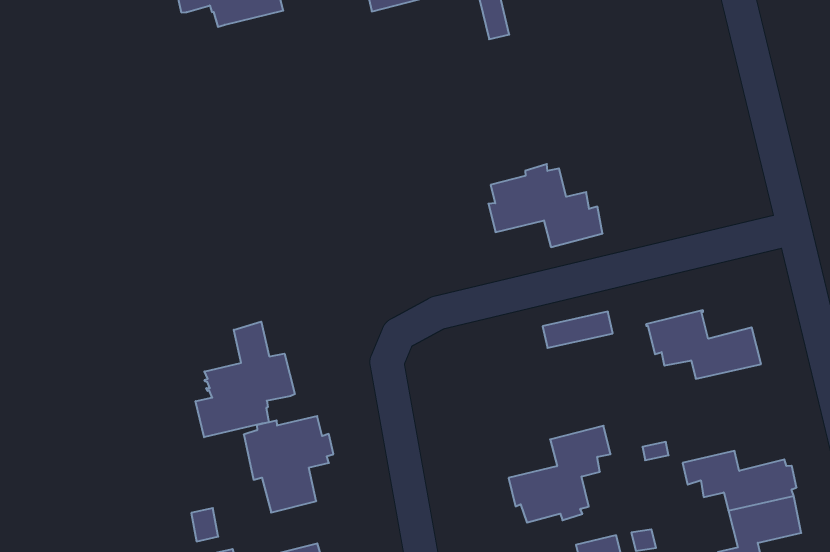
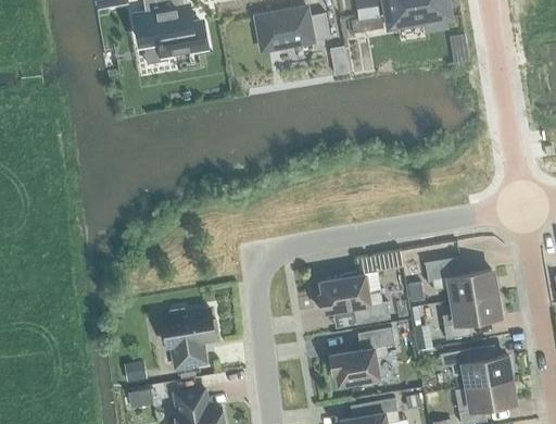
building: [488,164,603,247] -> [318,272,390,325]
building: [196,322,295,437] -> none
building: none -> [442,294,503,339]

